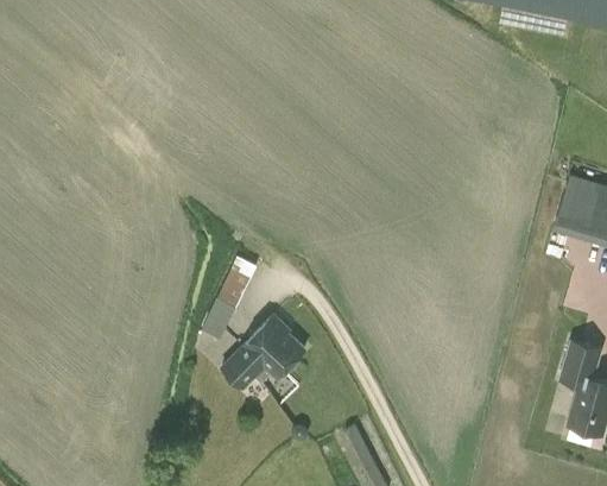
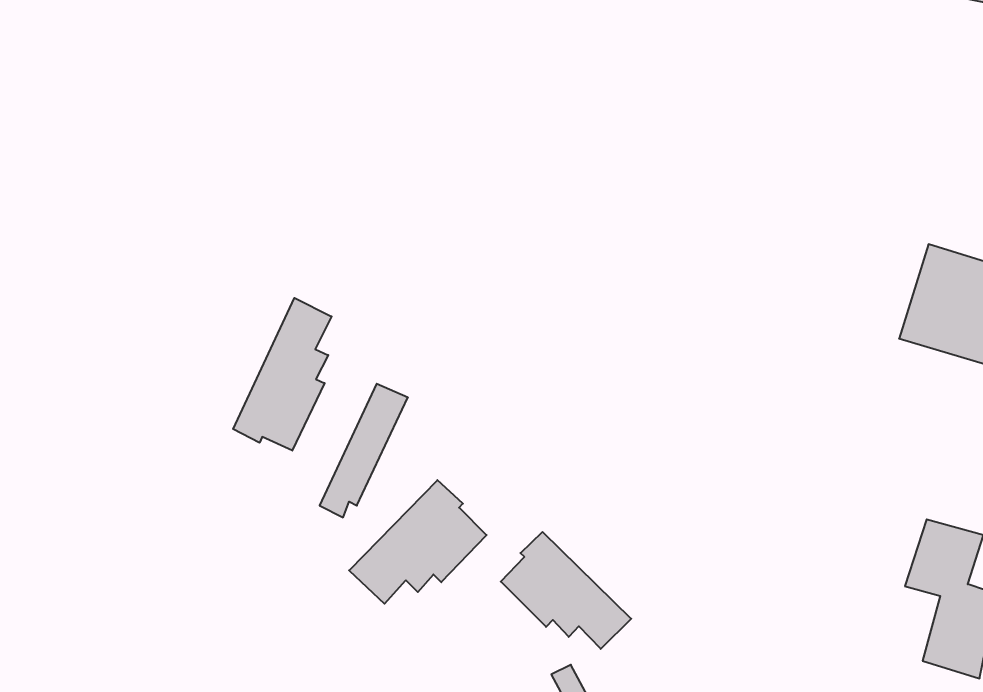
building: none -> [233,298,332,451]
building: none -> [501,532,631,649]

